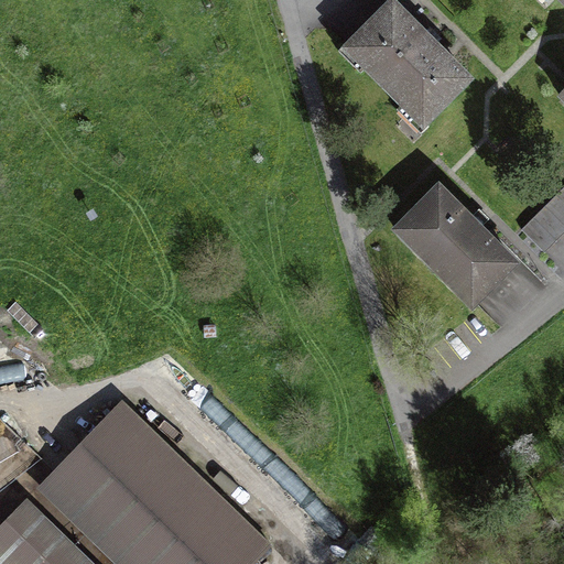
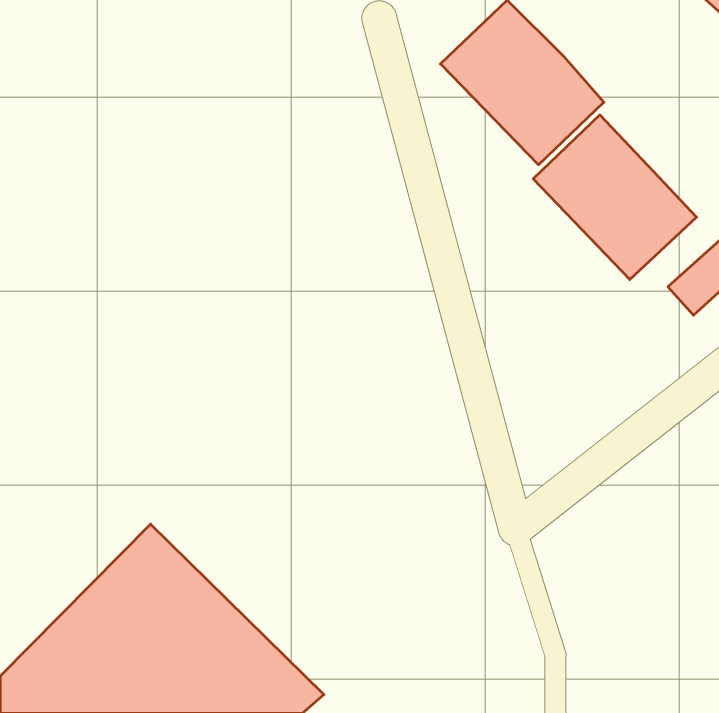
building: [391,184,518,312] -> [533,115,697,280]

